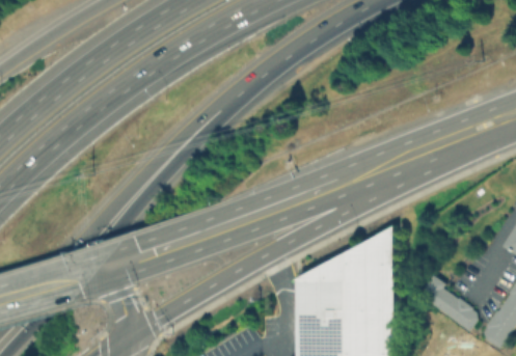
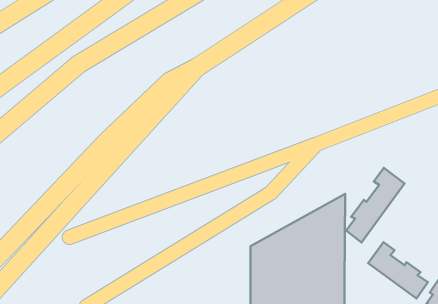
building: none -> [346,168,405,243]

